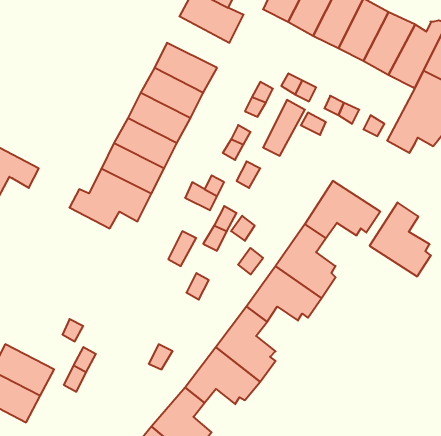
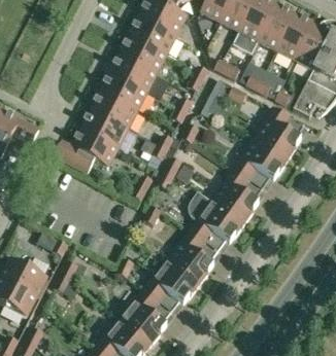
building: none -> [130,16,176,55]
building: [370,202,431,276] -> [253,106,298,161]

